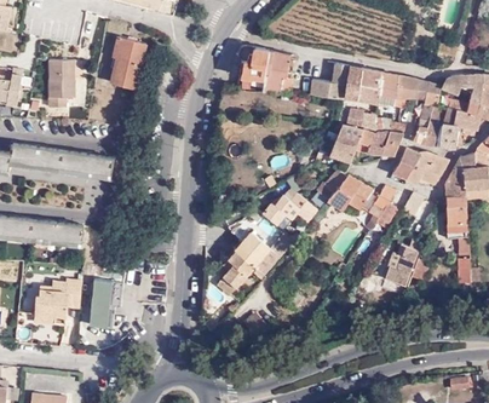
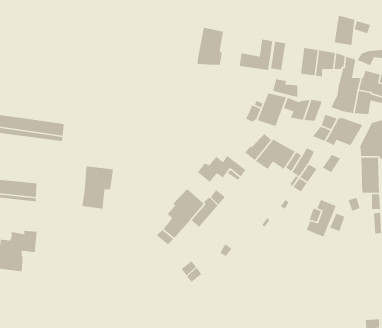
building: [110,38,146,88] -> none
building: [237,46,269,81] -> none
building: [48,59,75,106] -> none
building: [357,68,381,103] -> [334,15,355,46]
building: [88,278,125,328] -> [82,166,114,210]

